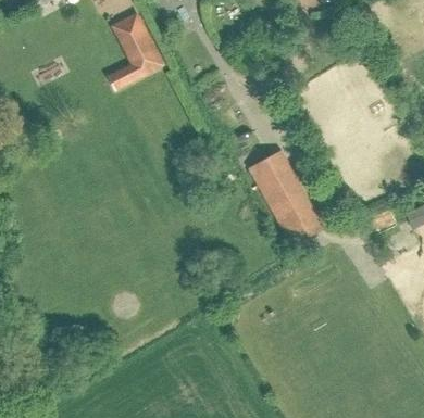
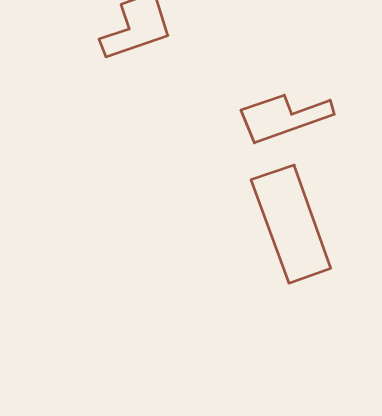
building: none -> [241,95,334,143]

